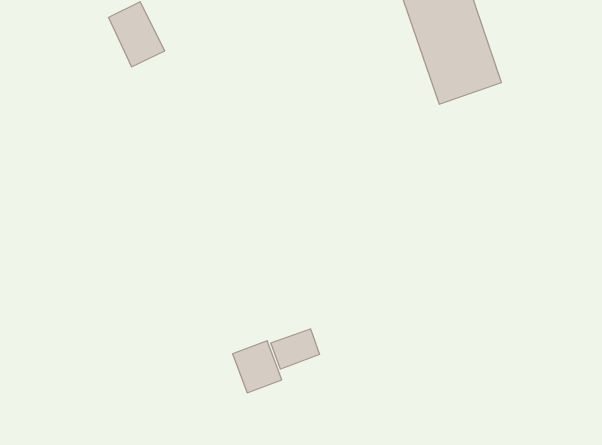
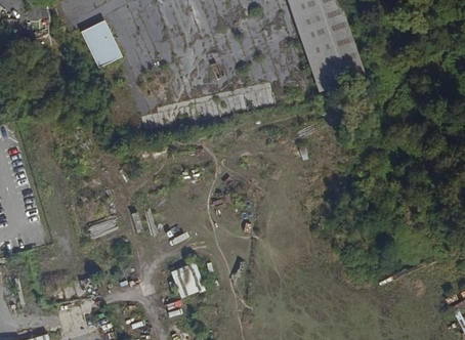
building: [271,329,319,369] -> none

